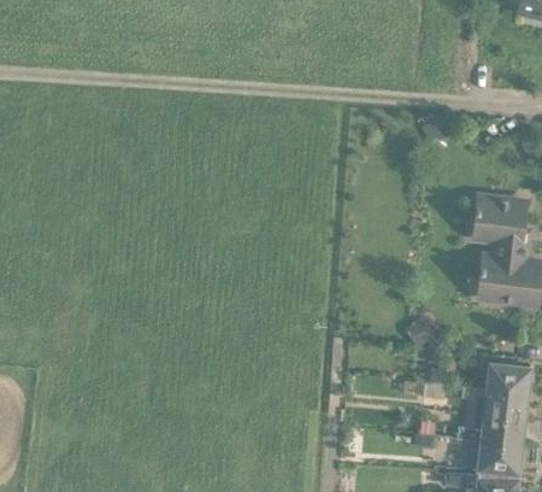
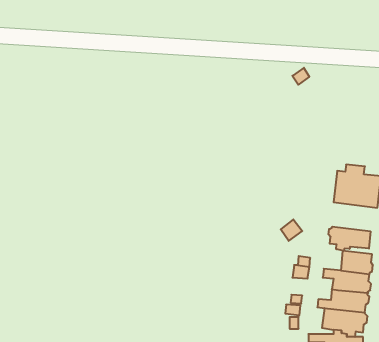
building: [473,195,528,250] -> none
building: none -> [329,227,370,251]

